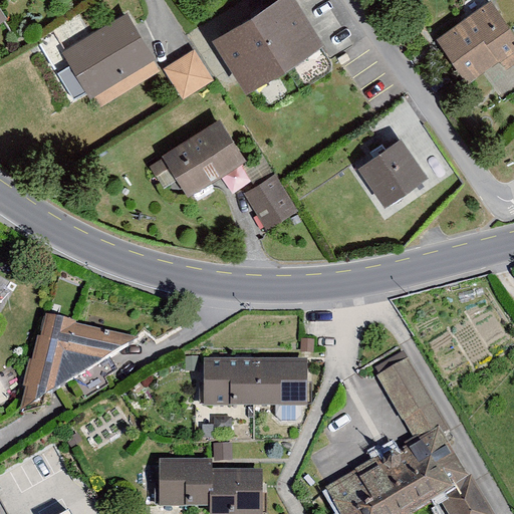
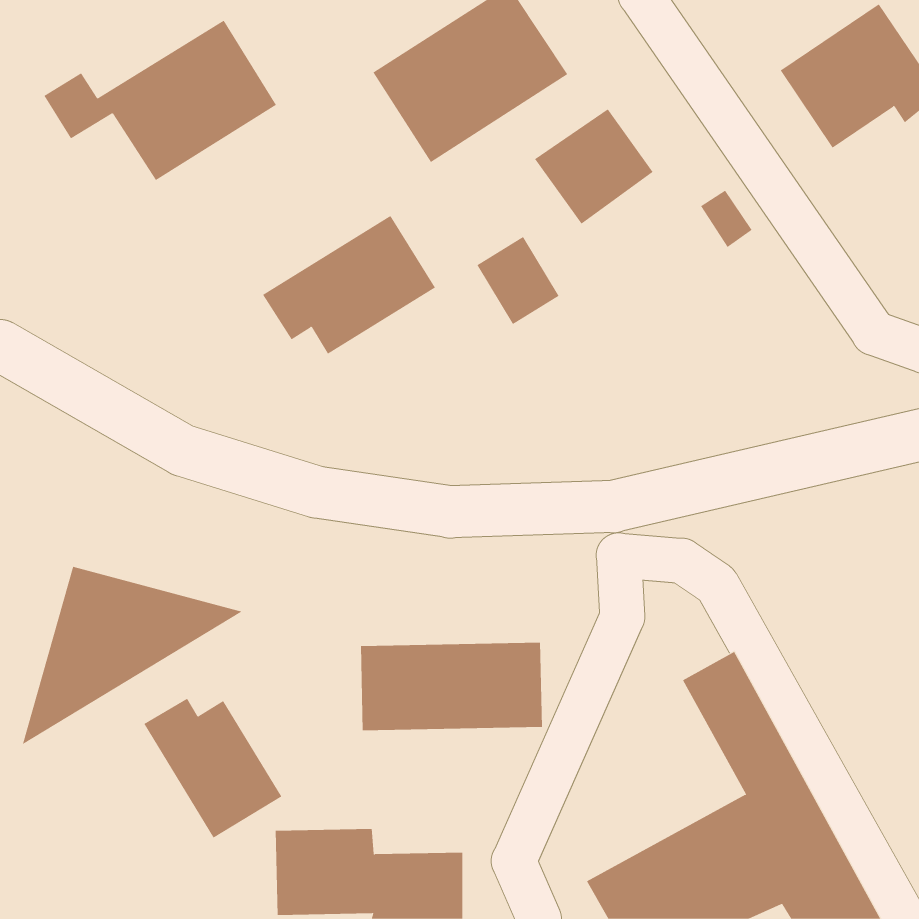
building: [166,50,214,97] -> none
building: [356,140,423,204] -> [534,109,653,224]
building: [249,176,295,225] -> [476,236,560,325]
building: none -> [144,698,282,838]

